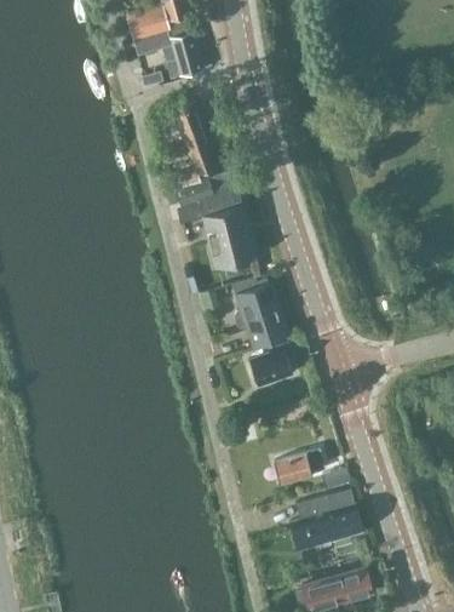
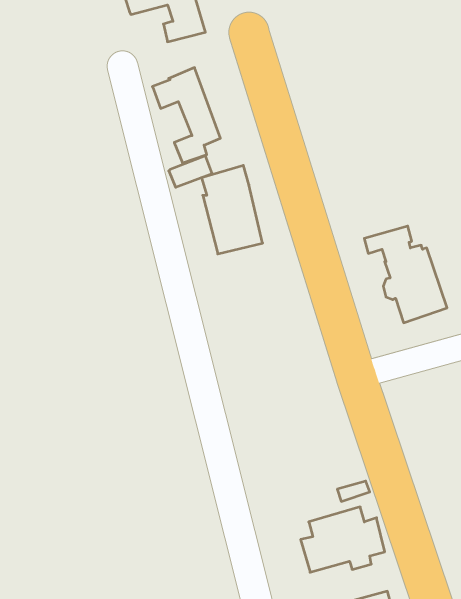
building: [217,262,291,348] -> [364,226,447,323]
building: [252,341,294,381] -> none
building: [275,448,326,481] -> none

